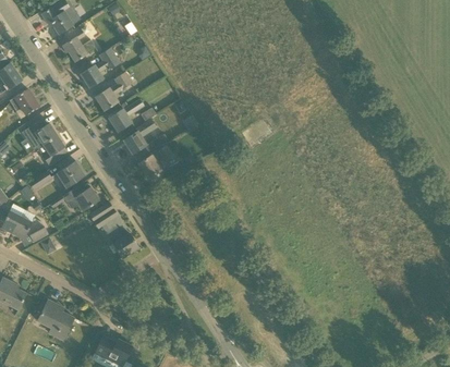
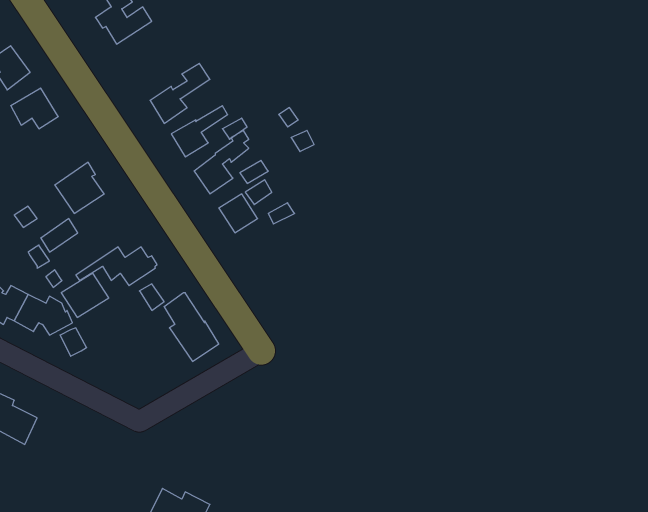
building: [80,49,120,88] -> none
building: [21,120,57,151] -> none
building: [54,161,84,188] -> [61,273,109,317]
building: [37,301,73,342] -> none

